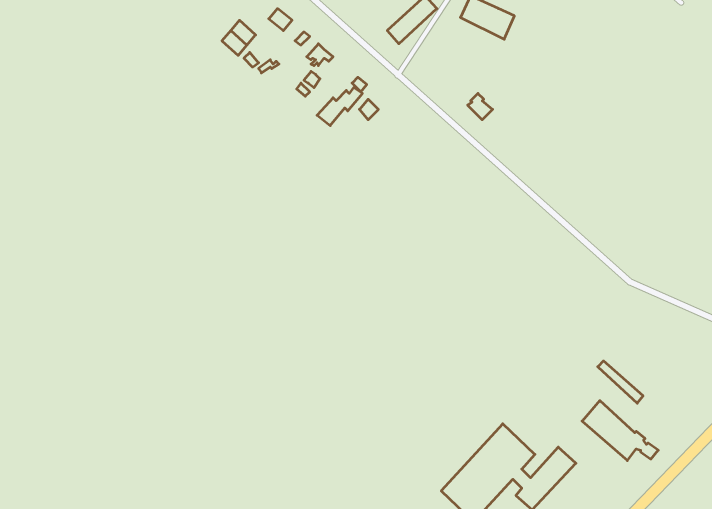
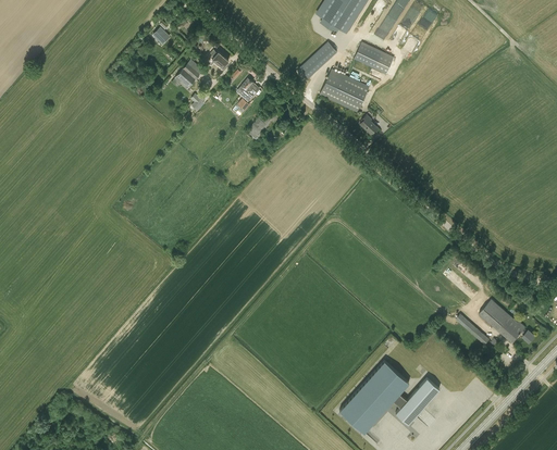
building: none -> [319,68,369,113]
building: [582,401,658,461] -> [479,299,535,343]

